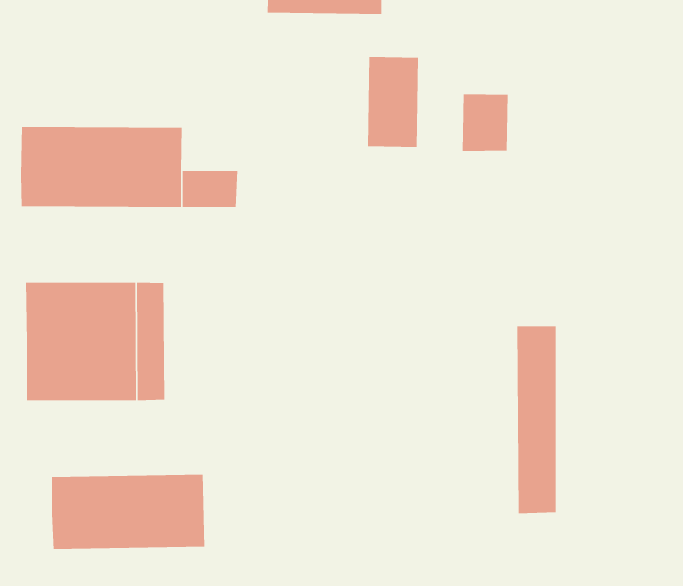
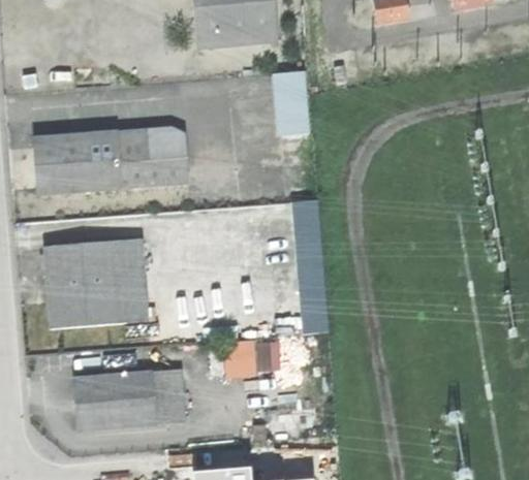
building: [462,93,508,152] -> none
building: none -> [145,127,186,159]
building: [517,326,556,514] -> [289,197,328,330]
building: none -> [221,335,281,373]

